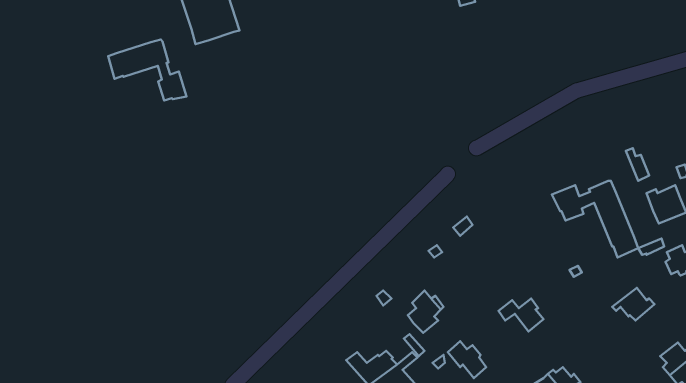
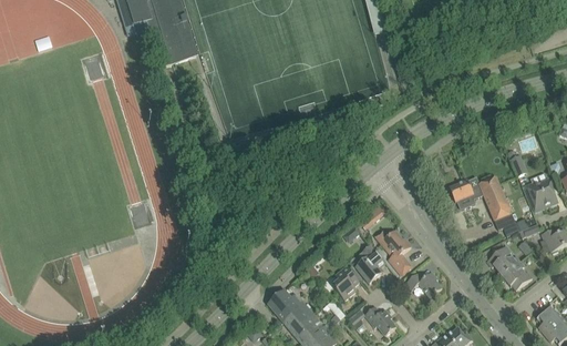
building: [108,39,187,100] -> none
building: none -> [374,230,411,275]
building: none -> [355,245,388,283]
building: none -> [486,246,517,278]
building: none -> [267,289,315,324]

